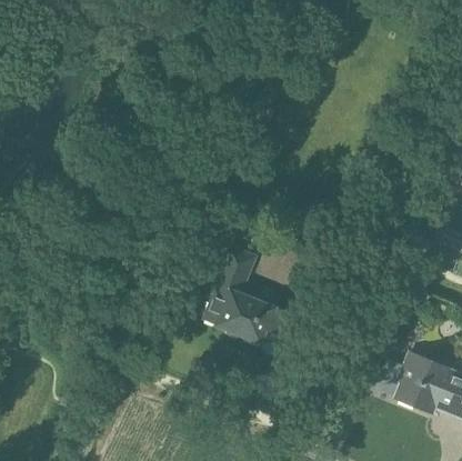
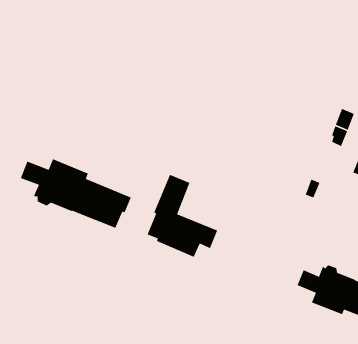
building: none -> [20,158,132,229]

